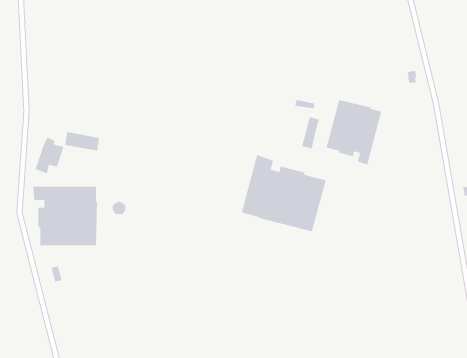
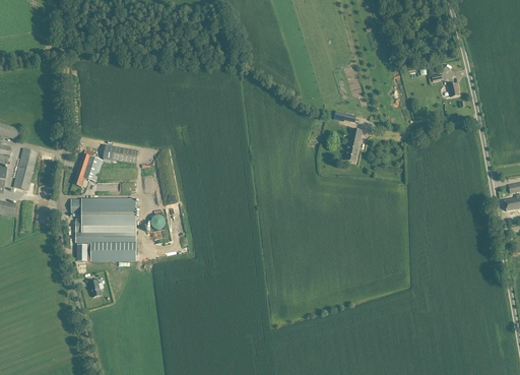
building: [325,99,382,166] -> none
building: [241,154,327,232] -> none

